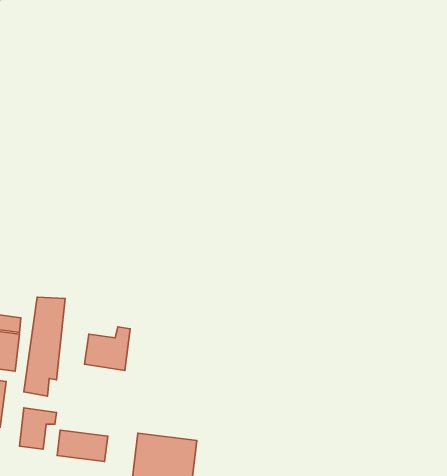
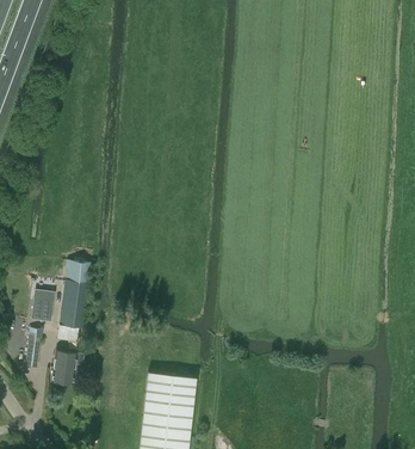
building: [85,327,130,370] -> none
building: [57,430,108,461] -> none

